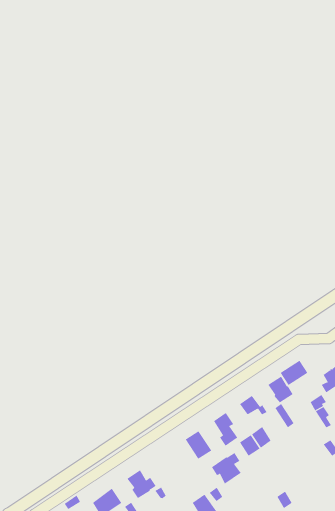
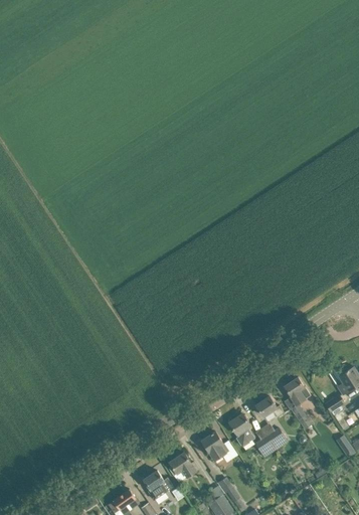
building: [280,360,308,386] -> none
building: none -> [169,453,198,477]
building: [211,452,242,484] -> none

